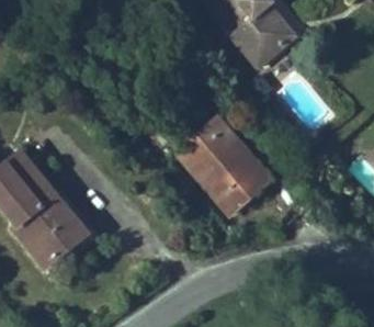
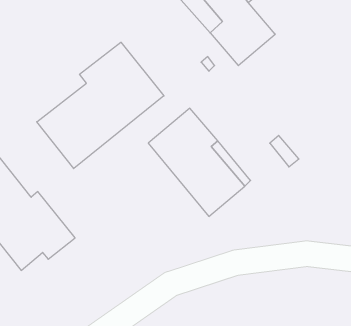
building: none -> [37,42,164,169]

